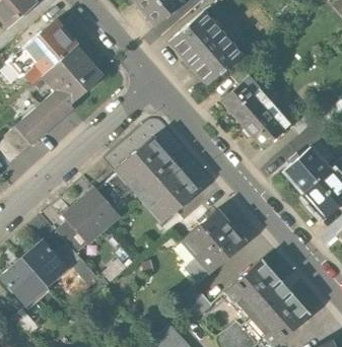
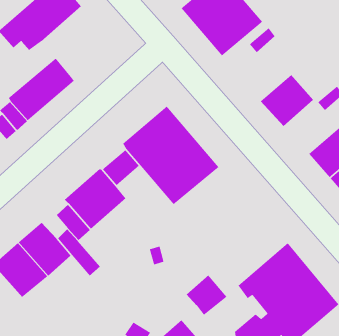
building: [43,41,107,105] -> none
building: [220,79,269,127] -> none
building: [180,205,248,283] -> none

